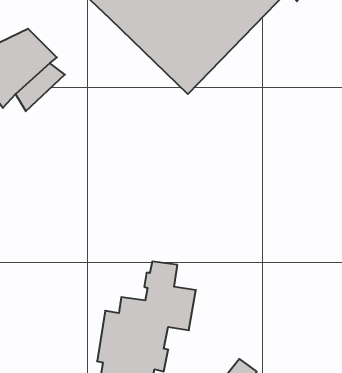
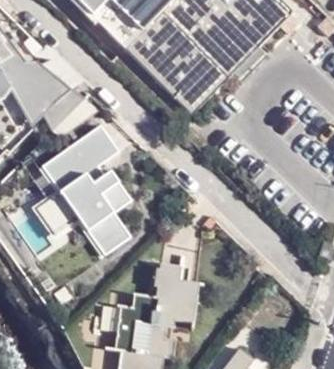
building: none -> [38,125,132,256]

